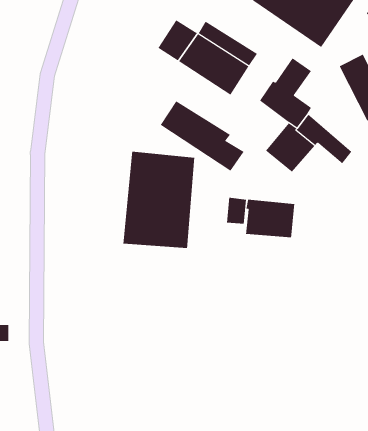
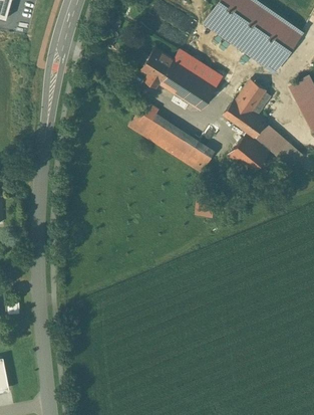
building: none -> [127,102,156,136]
building: [123,151,195,249] -> none
building: [245,199,295,238] -> none

